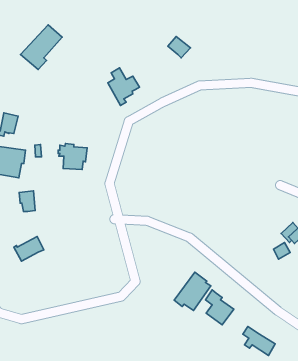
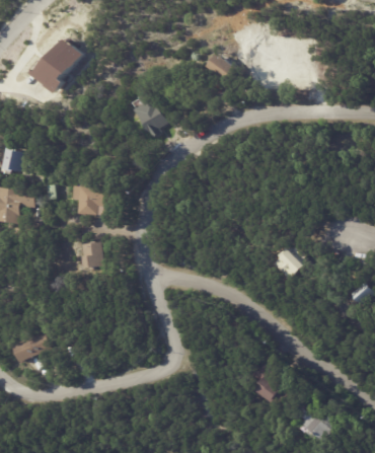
building: [19,191,35,211] -> [85,242,104,268]
building: none -> [275,247,307,280]
building: [14,236,44,261] -> [9,333,46,364]
building: [174,272,211,310] -> none

